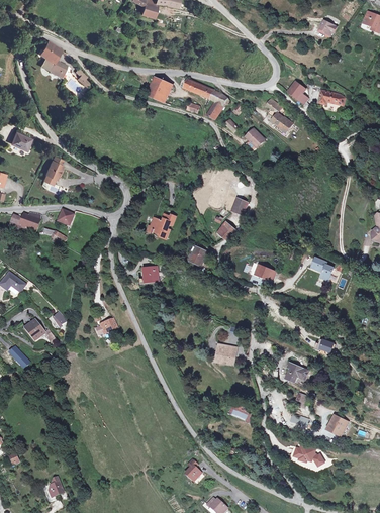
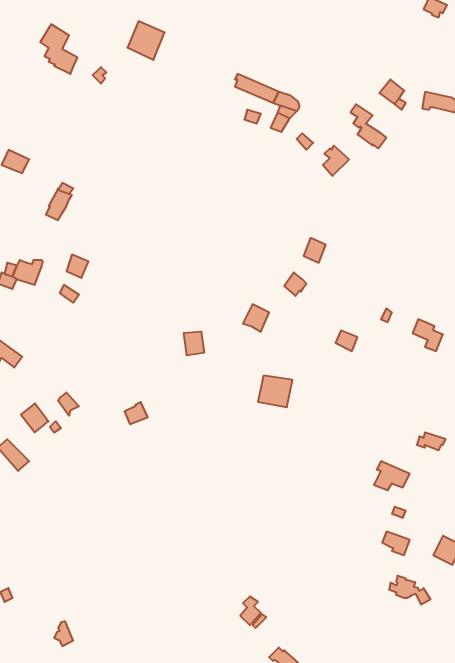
building: [145,75,172,103] -> [127,21,165,60]
building: [147,214,176,238] -> none
building: [212,342,238,366] -> [258,376,292,407]

